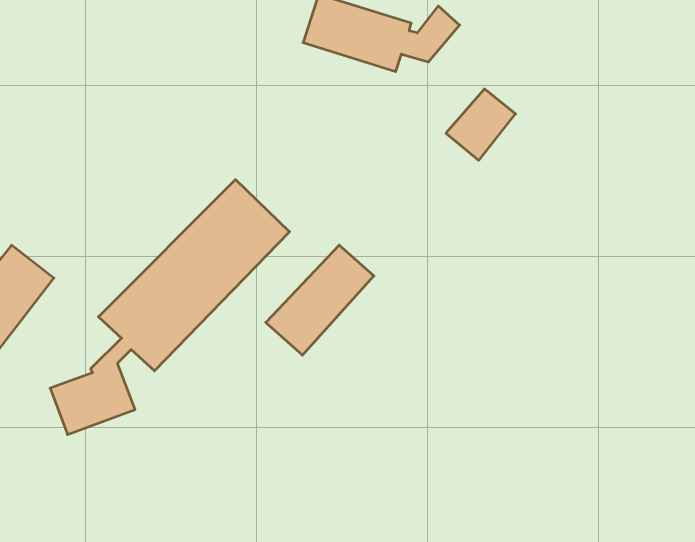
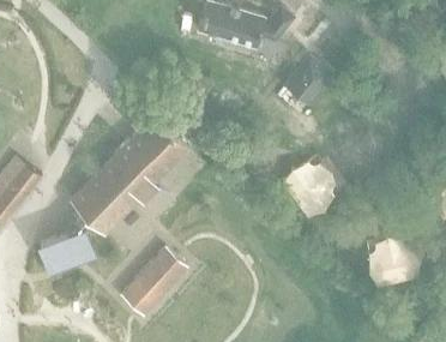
building: [266,245,374,355] -> [117,247,185,316]

